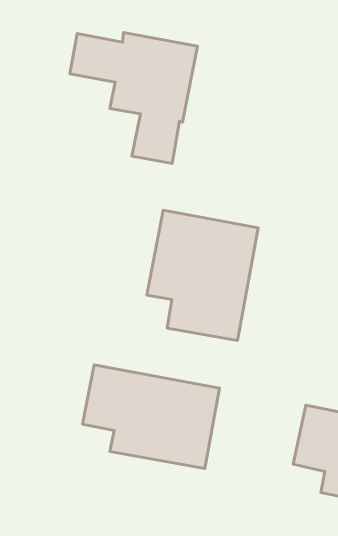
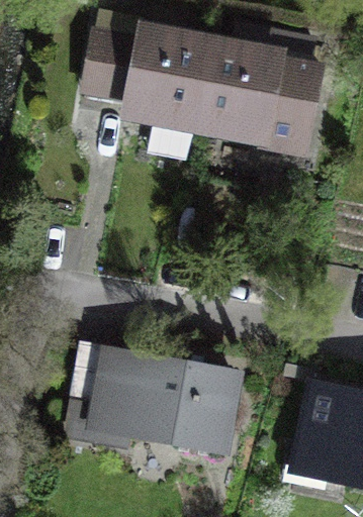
building: none -> [196,44,319,150]
building: [147,210,258,340] -> none

